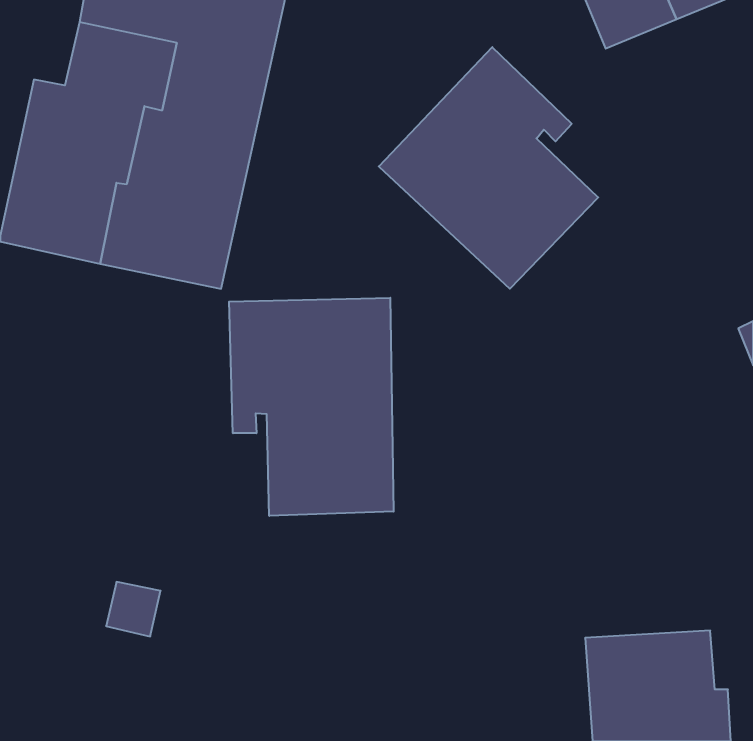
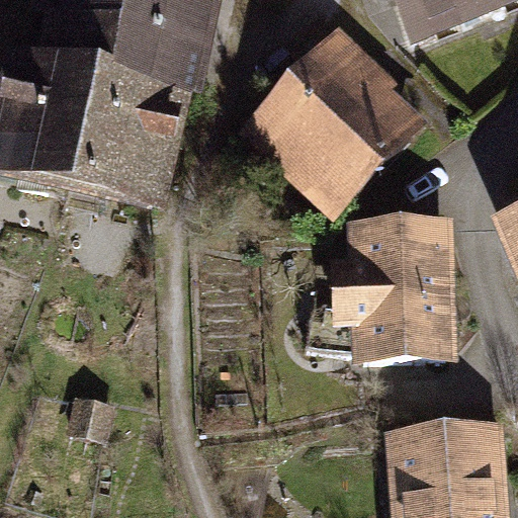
building: [229,298,394,516] -> none
building: none -> [307,229,445,359]

